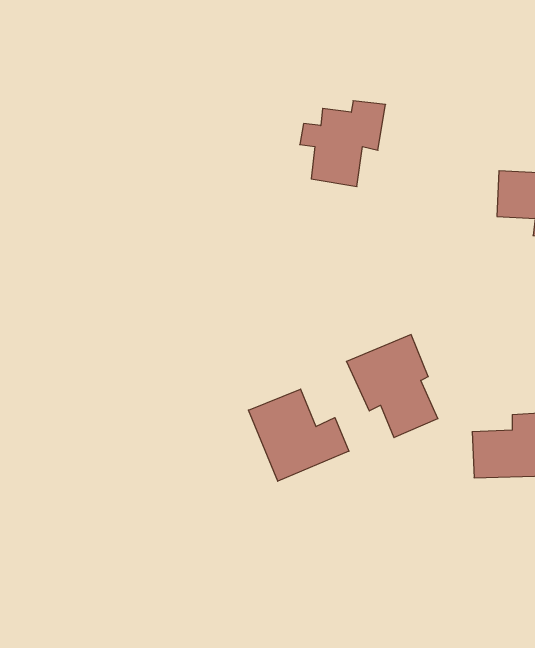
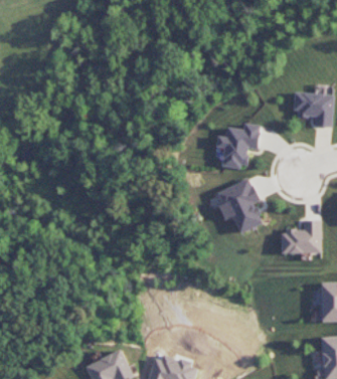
building: [300,101,386,187] -> [215,124,261,169]
building: [248,389,349,481] -> none

